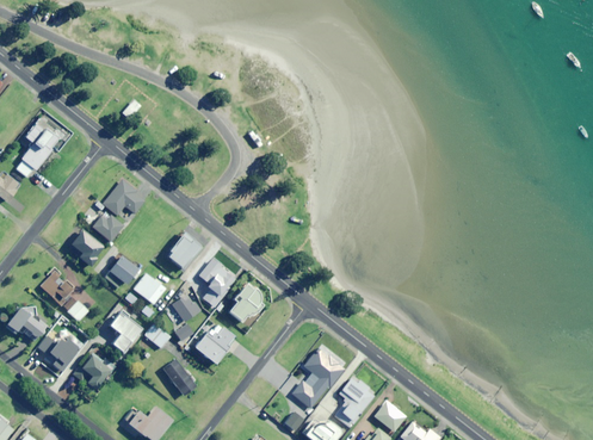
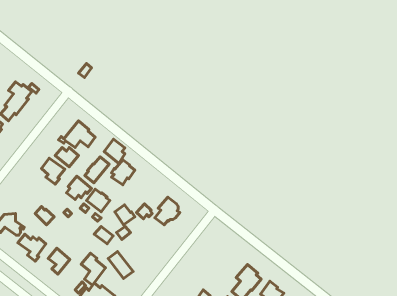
building: none -> [85,157,109,183]
building: [196,262,224,296] -> [104,139,125,163]
building: [39,268,73,306] -> none
building: [106,309,140,353] -> [81,253,105,285]
building: [194,323,231,364] -> none
building: [291,348,344,409] -> none

